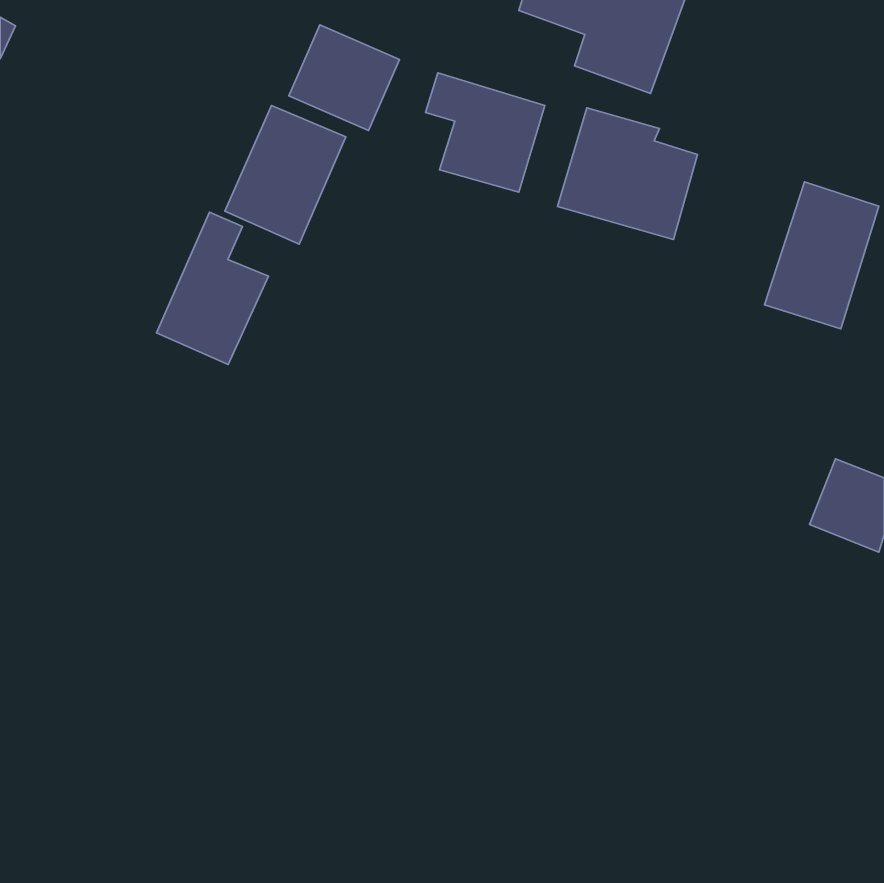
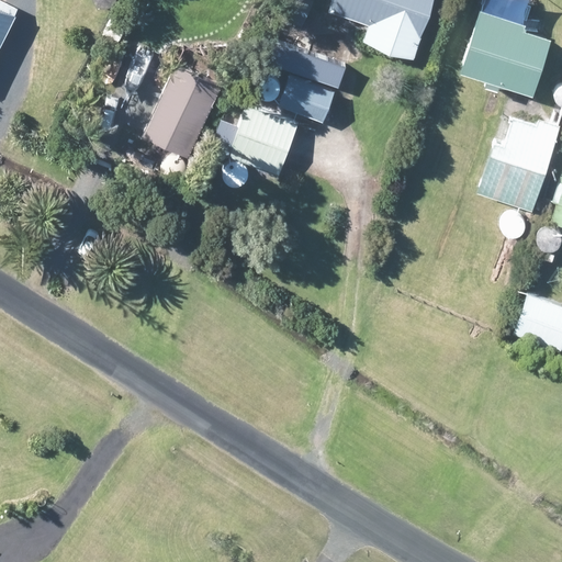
building: [289,25,400,130] -> [227,108,297,175]
building: [557,108,698,239] -> [460,11,549,94]
building: [157,212,269,364] -> none

